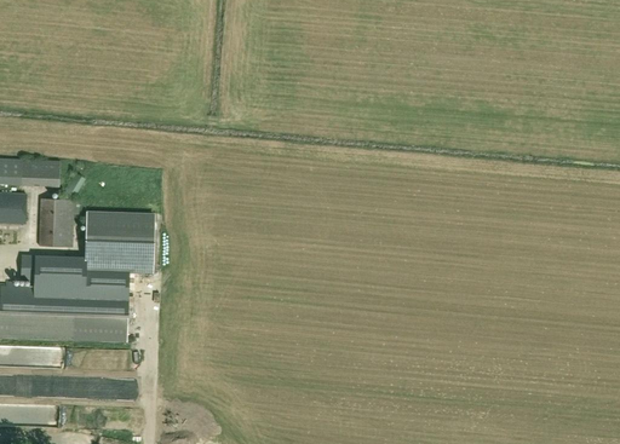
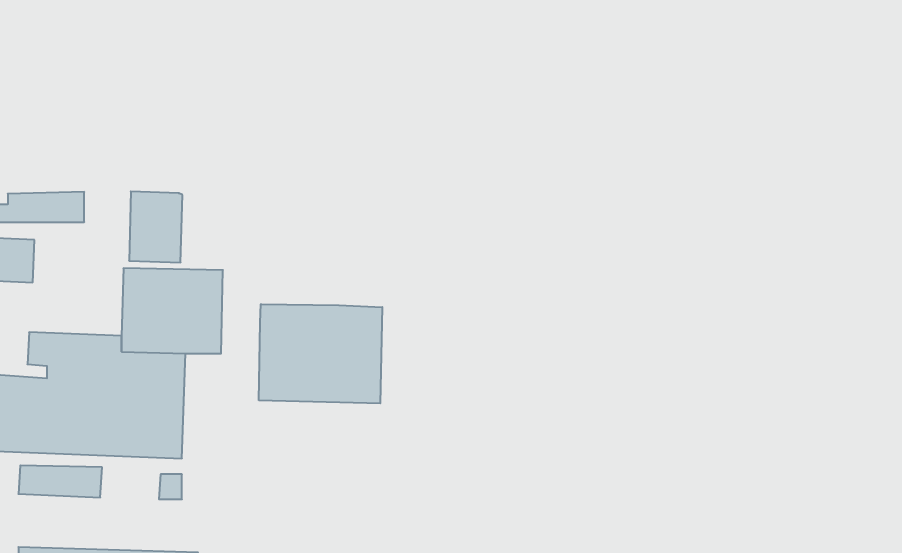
building: [36,197,73,246] -> [129,191,182,262]
building: none -> [259,304,382,403]

